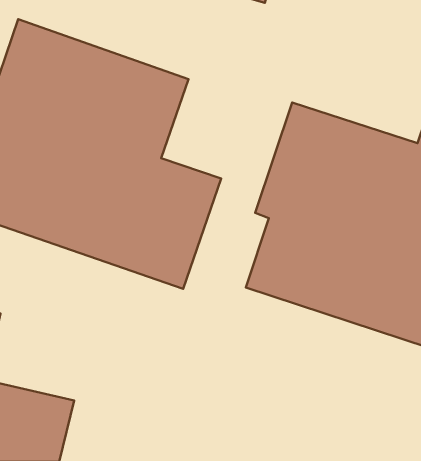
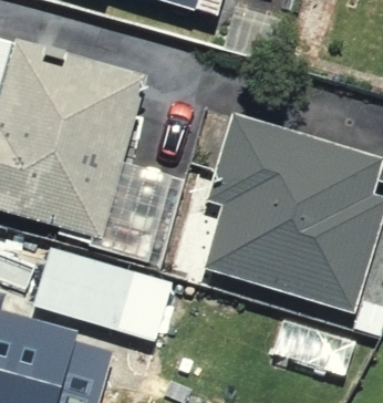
building: none -> [23,235,183,349]

